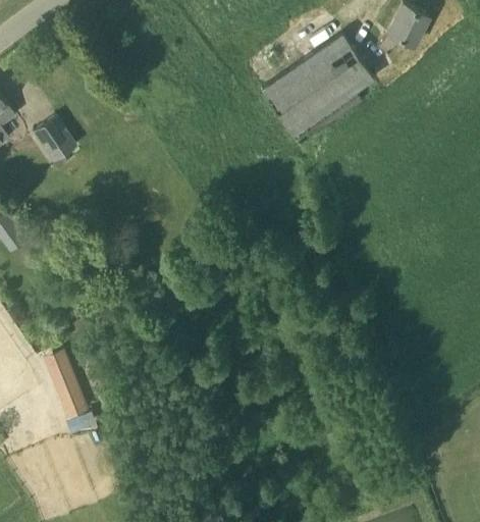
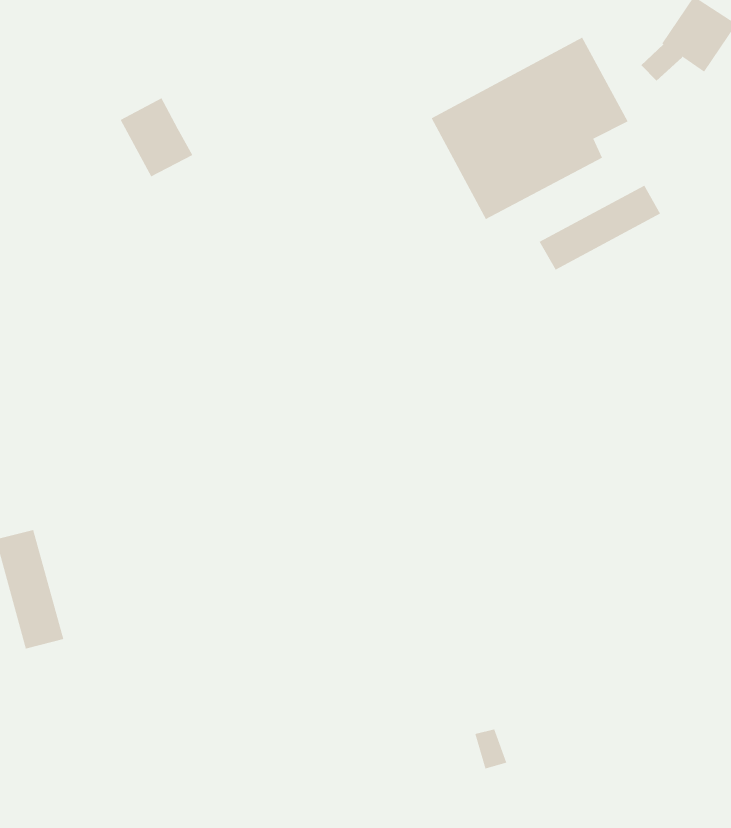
building: none -> [539,185,661,270]
building: [34,117,77,163] -> [120,98,193,177]

